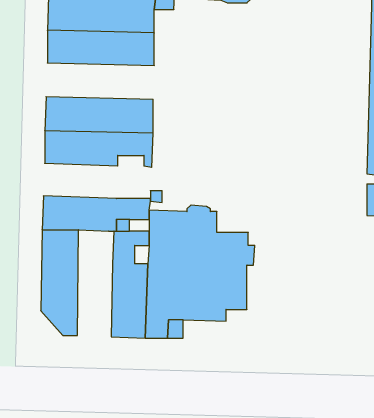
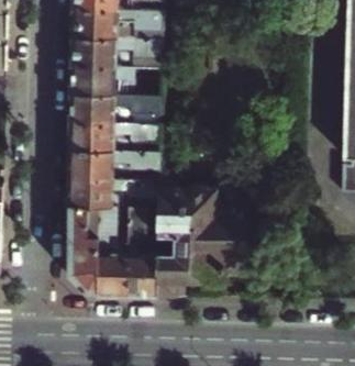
building: none -> [71,66,163,97]
building: none -> [69,151,160,180]
building: none -> [98,207,127,297]

